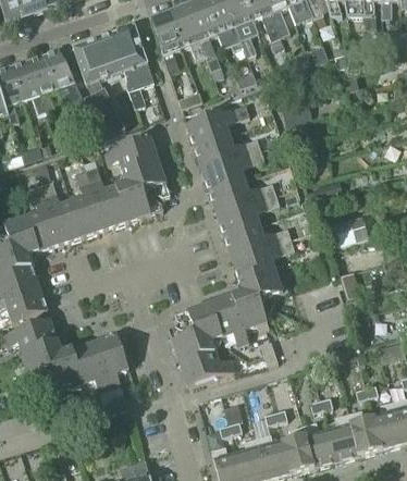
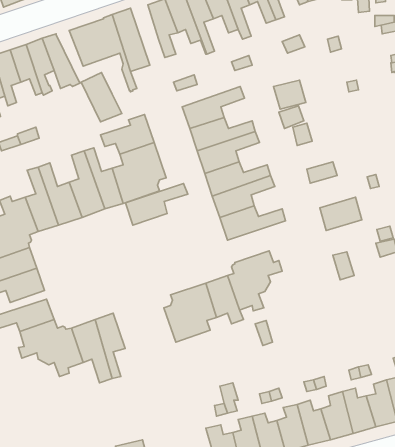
building: [232,239,295,282] -> [125,183,188,225]
building: [180,350,233,386] -> none

